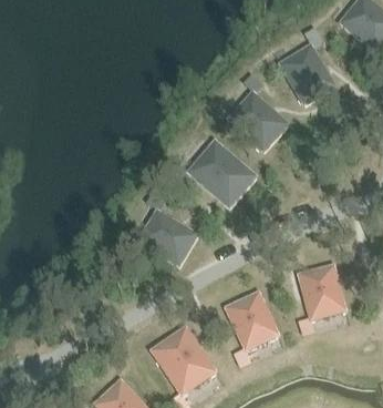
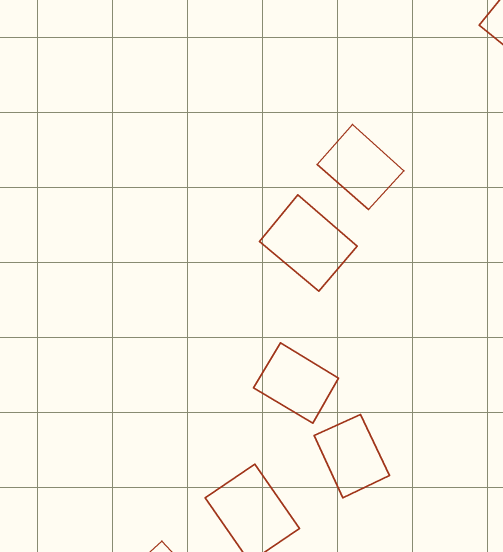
building: [279,44,335,104] -> none
building: [138,210,197,265] -> [253,343,338,423]
building: [299,264,345,319] -> none

